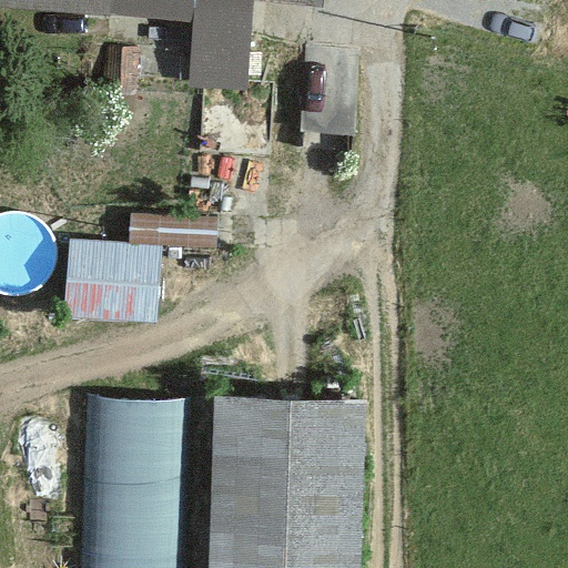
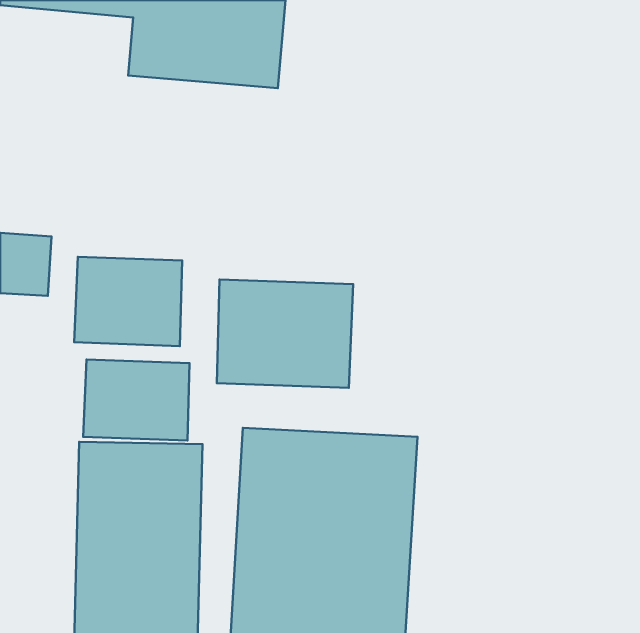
building: none -> [217,279,353,388]
building: none -> [83,359,189,441]

